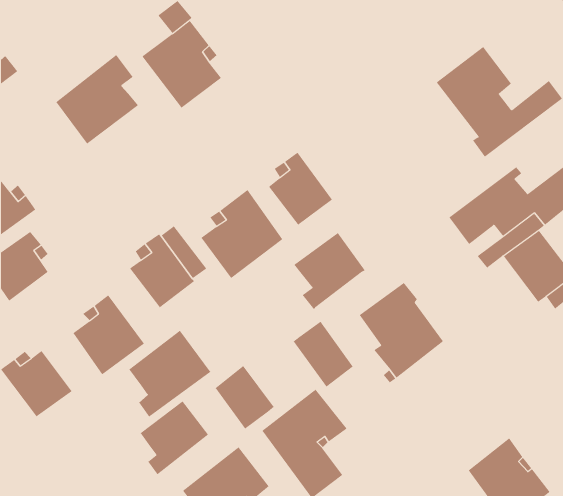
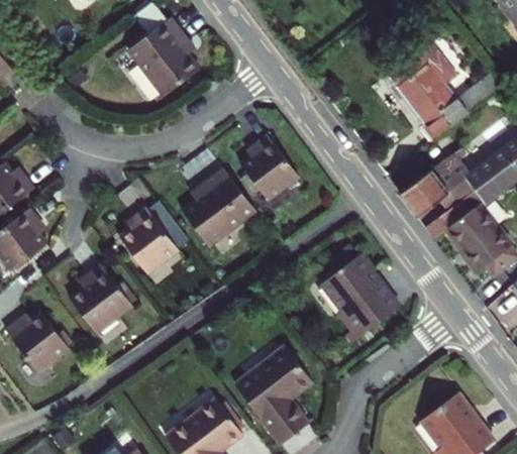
building: [55,54,139,145] -> none
building: [293,232,366,310] -> none
building: [293,321,353,388] -> none
building: [128,330,211,417] -> none
building: [215,365,275,429] -> none
building: [140,401,209,475] -> none

